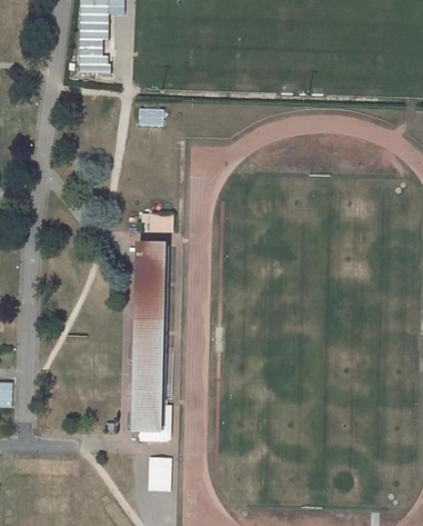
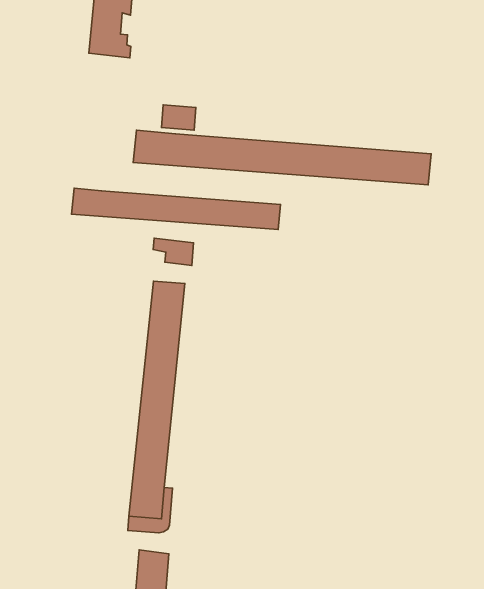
building: none -> [133,130,431,185]
building: none -> [71,188,281,229]

